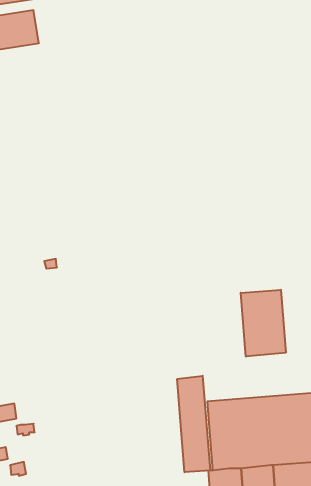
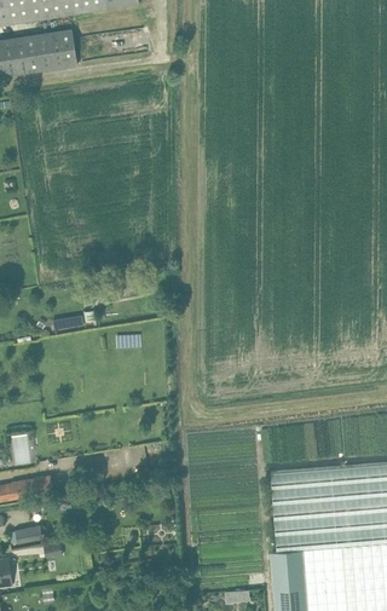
building: [241,290,286,357] -> none
building: [177,376,210,472] -> none

